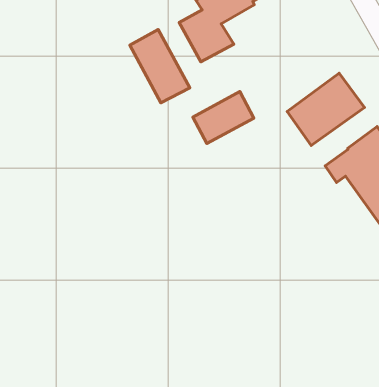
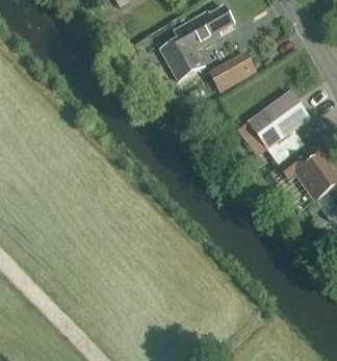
building: [130,30,190,103] -> none
building: [193,92,254,144] -> [209,47,259,89]

